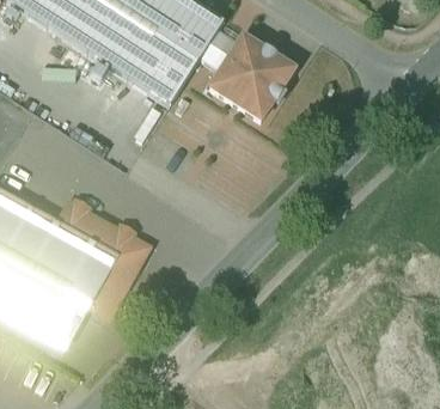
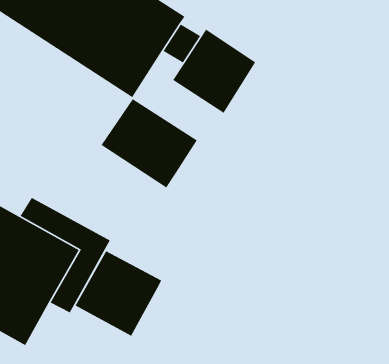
building: none -> [100,98,198,188]
building: none -> [74,250,162,337]

